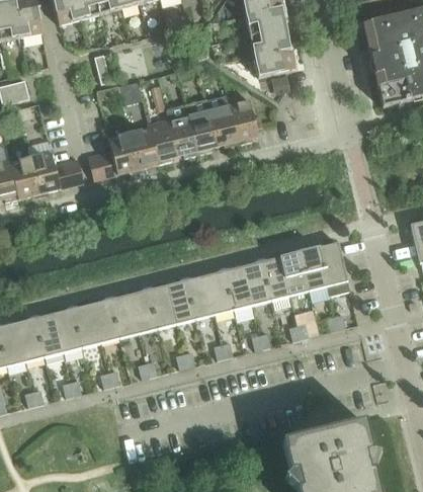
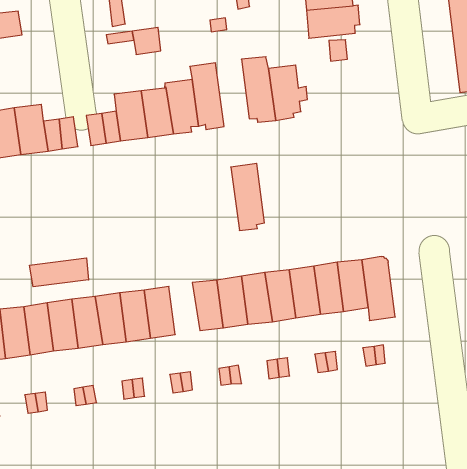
building: [185,98,217,153] -> [231,163,264,230]
building: none -> [30,258,89,287]
building: [167,279,195,322] -> none

